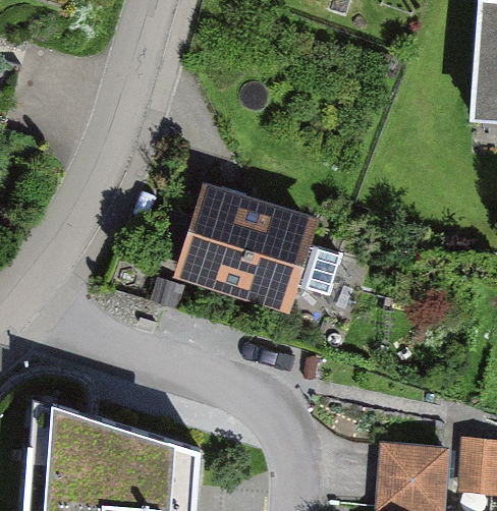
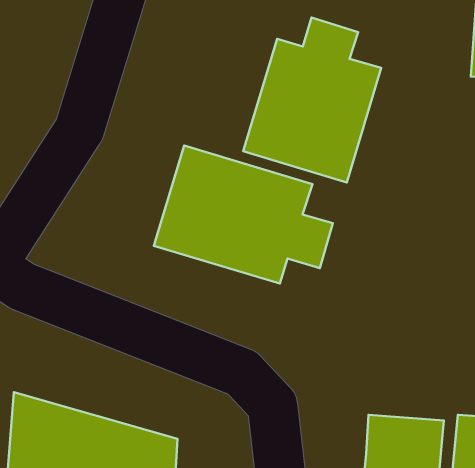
building: none -> [243,18,381,182]

